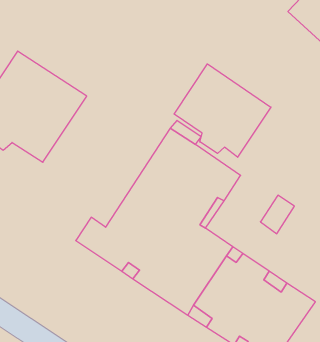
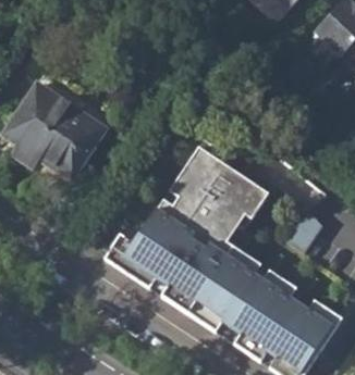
building: [174,64,271,157] -> none

